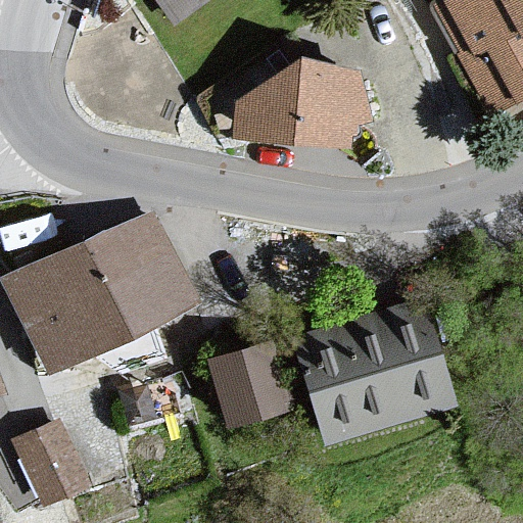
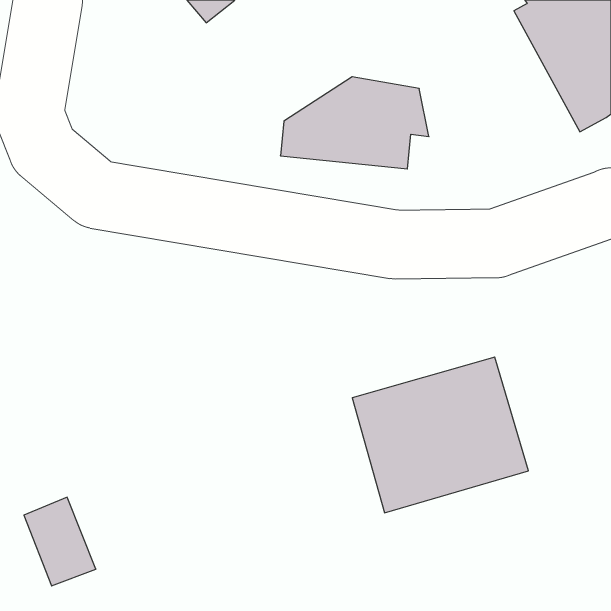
building: [8,217,192,368] -> none
building: [213,346,287,423] -> none

